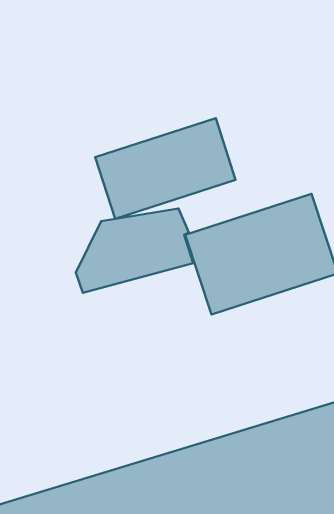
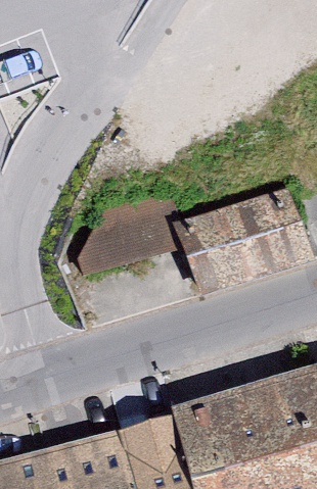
building: [95,118,236,219] -> none

